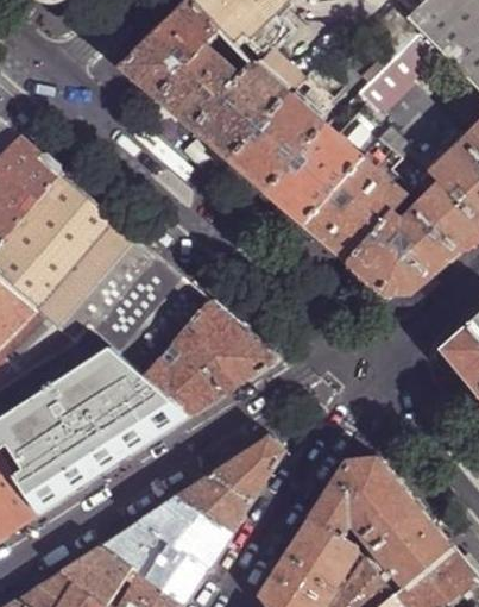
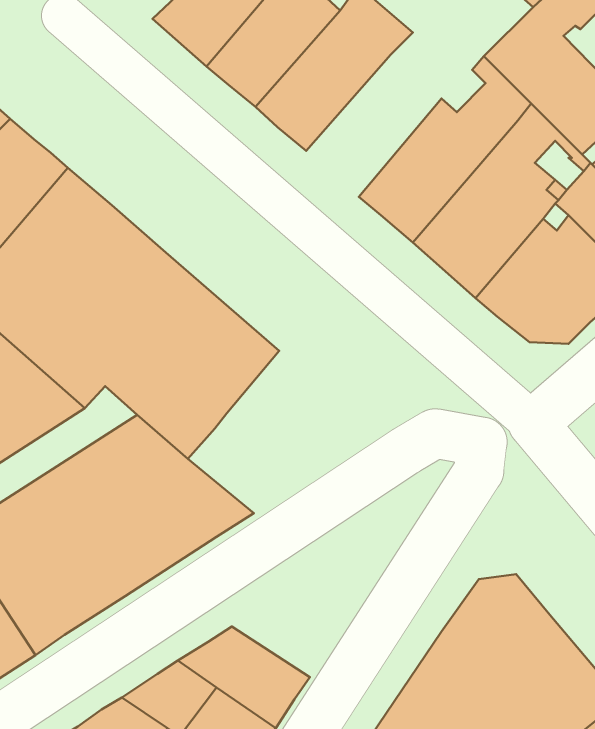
building: [227,77,327,193] -> none
building: [144,301,273,415] -> none
building: [175,434,283,531] -> none

